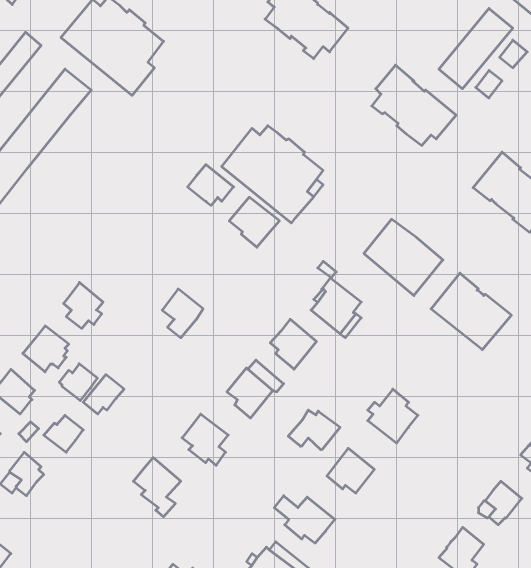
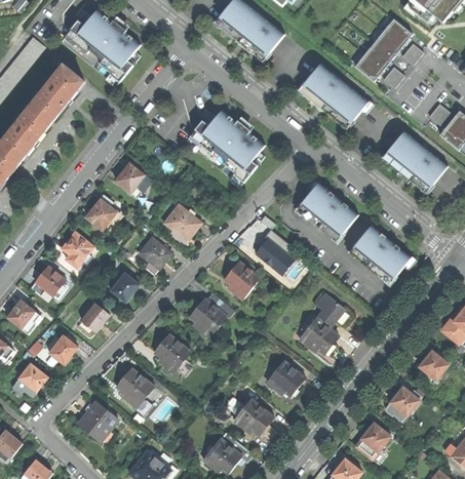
building: [188,165,234,205] -> [116,162,152,194]
building: [229,197,279,247] -> [163,203,202,242]
building: none -> [87,196,121,228]
building: none -> [318,293,344,324]
building: [59,364,97,401] -> [110,272,140,301]
building: [288,410,340,450] -> none
building: none -> [79,401,118,439]

